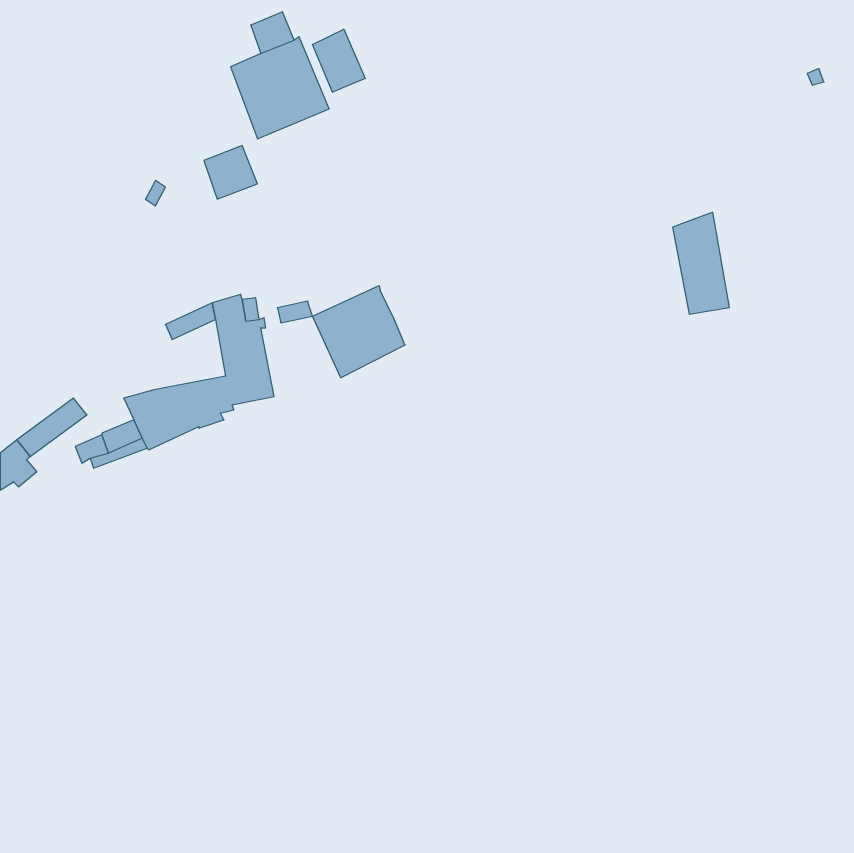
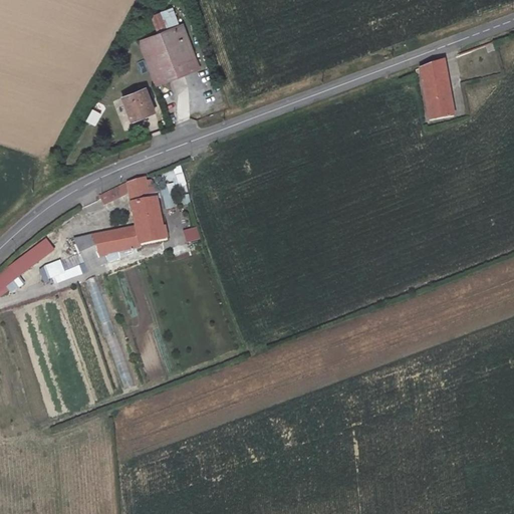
building: [313,29,365,92] -> none
building: [673,212,729,314] -> [420,58,454,119]
building: [313,286,405,378] -> none

